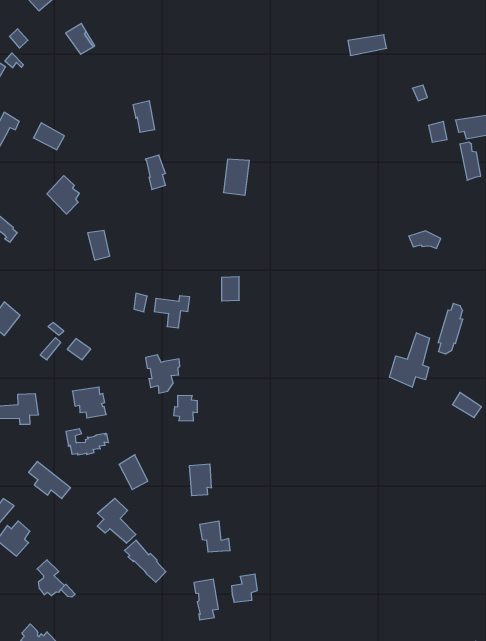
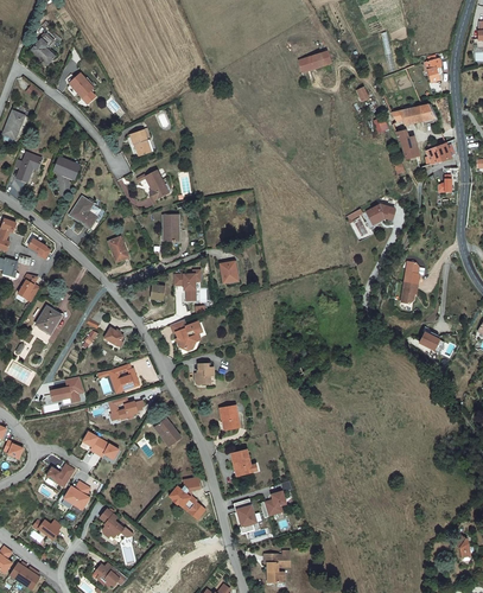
building: [223,159,249,195] -> [161,213,179,242]
building: [389,333,430,387] -> none
building: [97,498,136,543] -> none

